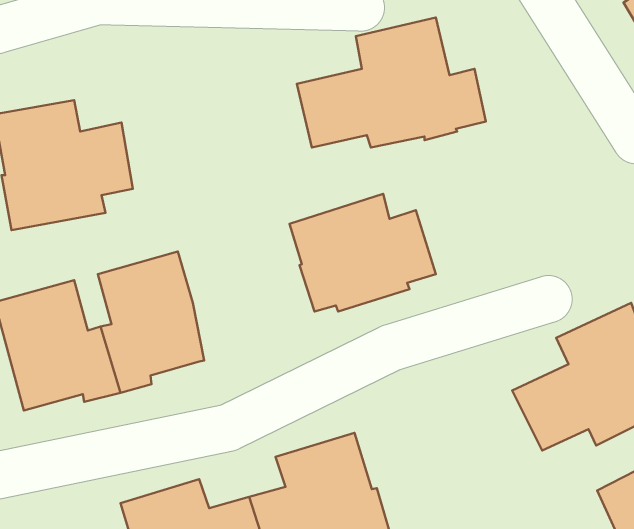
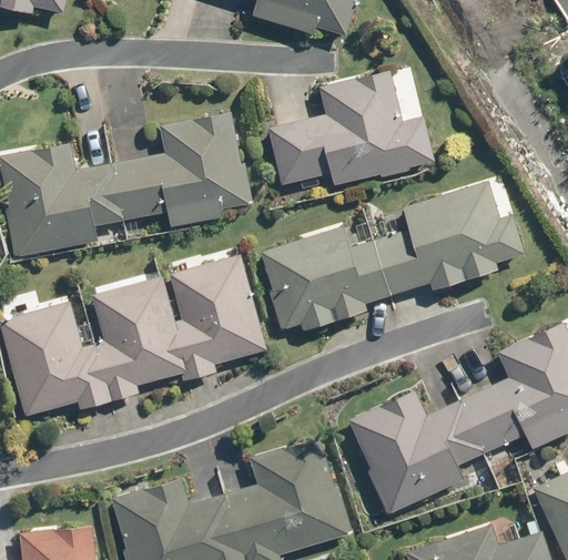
building: none -> [112,111,252,226]
building: none -> [373,181,526,296]
building: none -> [169,254,267,381]
building: none -> [348,389,485,515]

